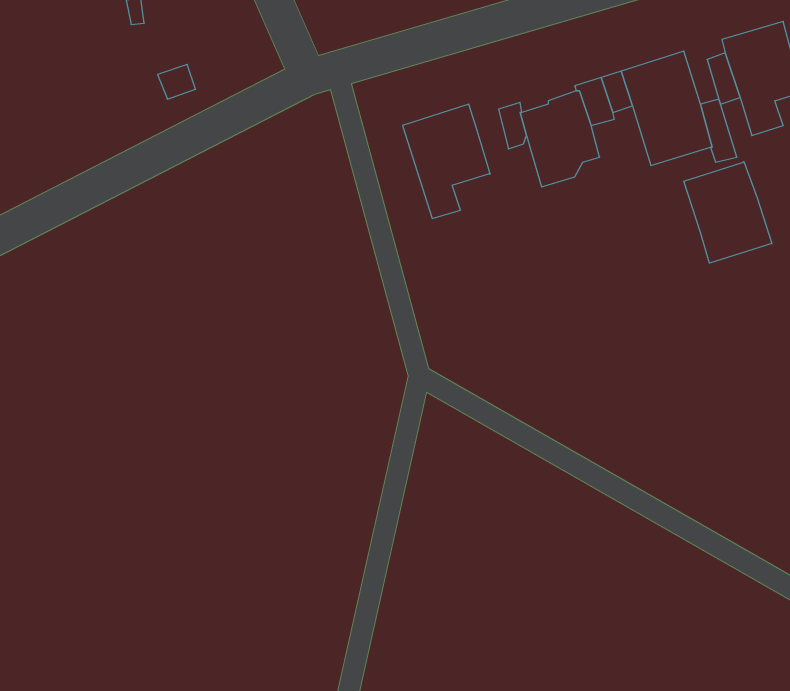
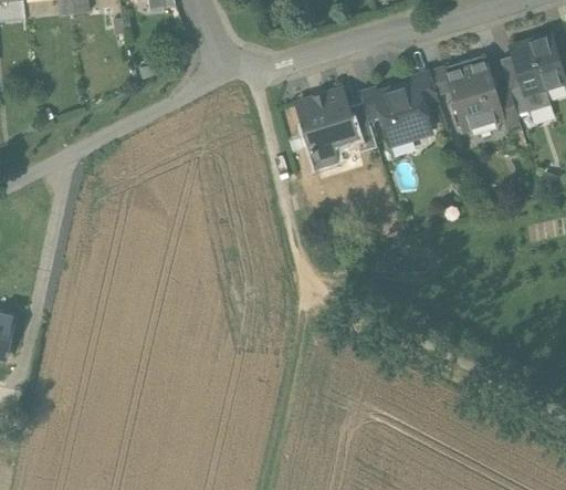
building: none -> [346,103,376,154]
building: [684,162,772,263] -> none

